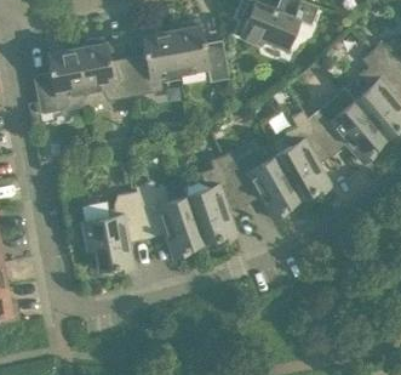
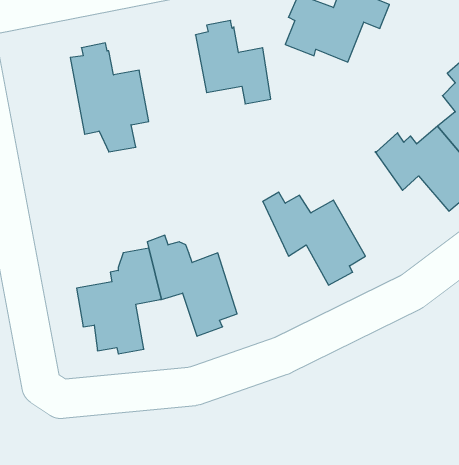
building: [130,27,181,96] -> none
building: [33,44,88,114] -> none
building: [276,110,332,198] -> none
building: [189,157,242,243] -> none

